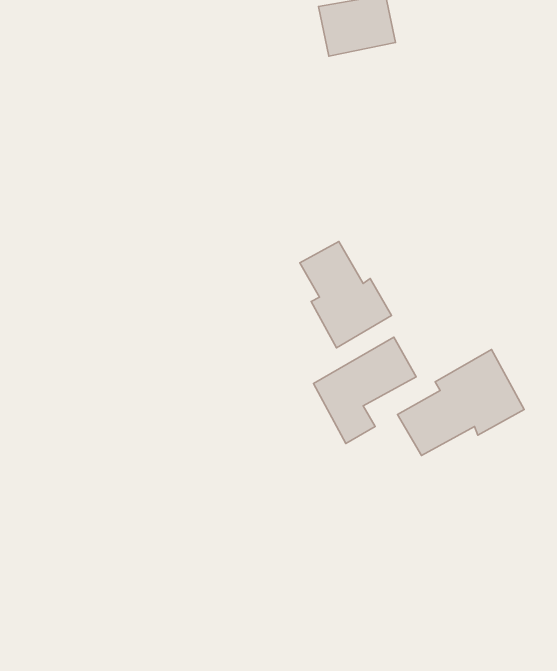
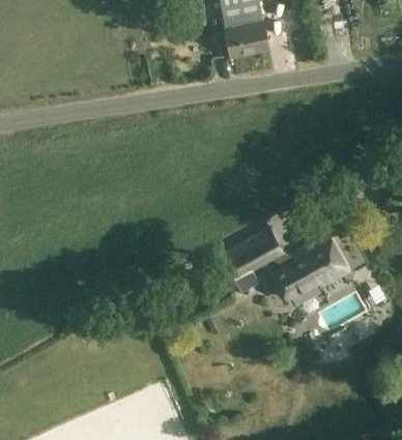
building: [300,241,391,348] -> none

